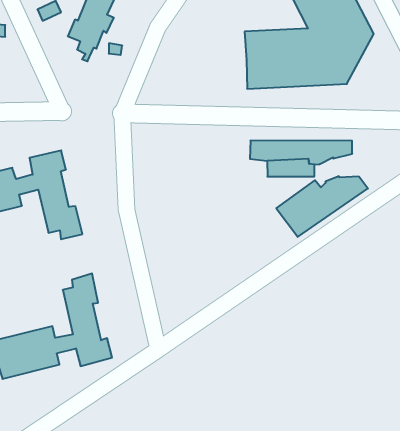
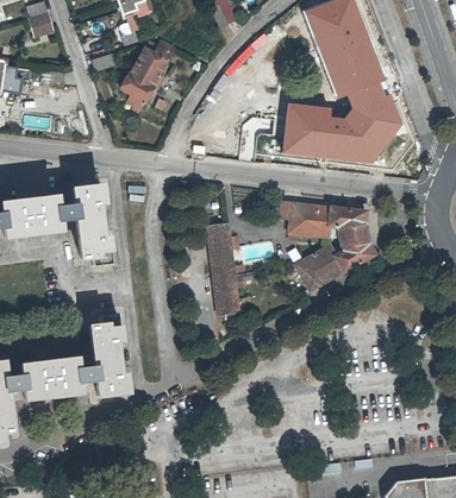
building: none -> [337,223,371,246]
building: none -> [208,221,239,317]

